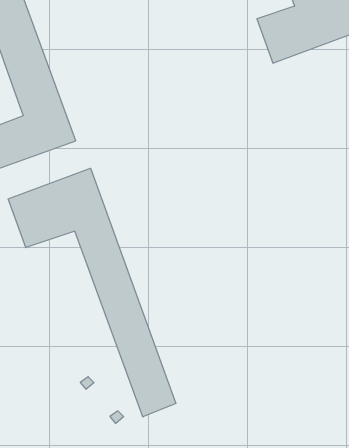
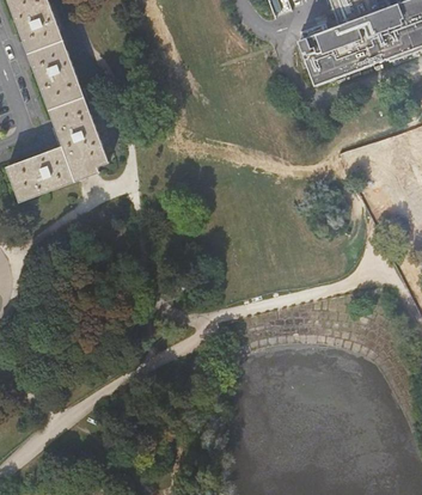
building: [8,168,176,417] -> none

